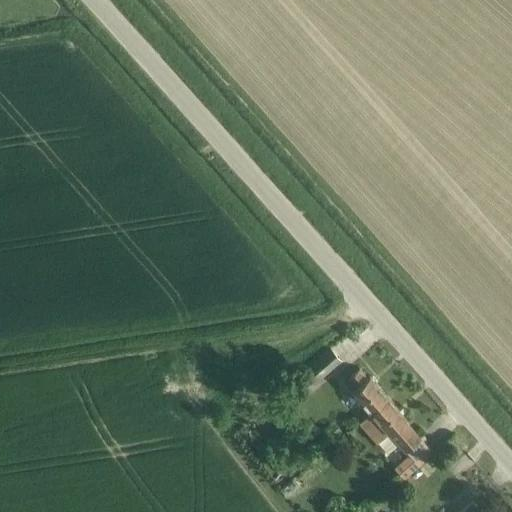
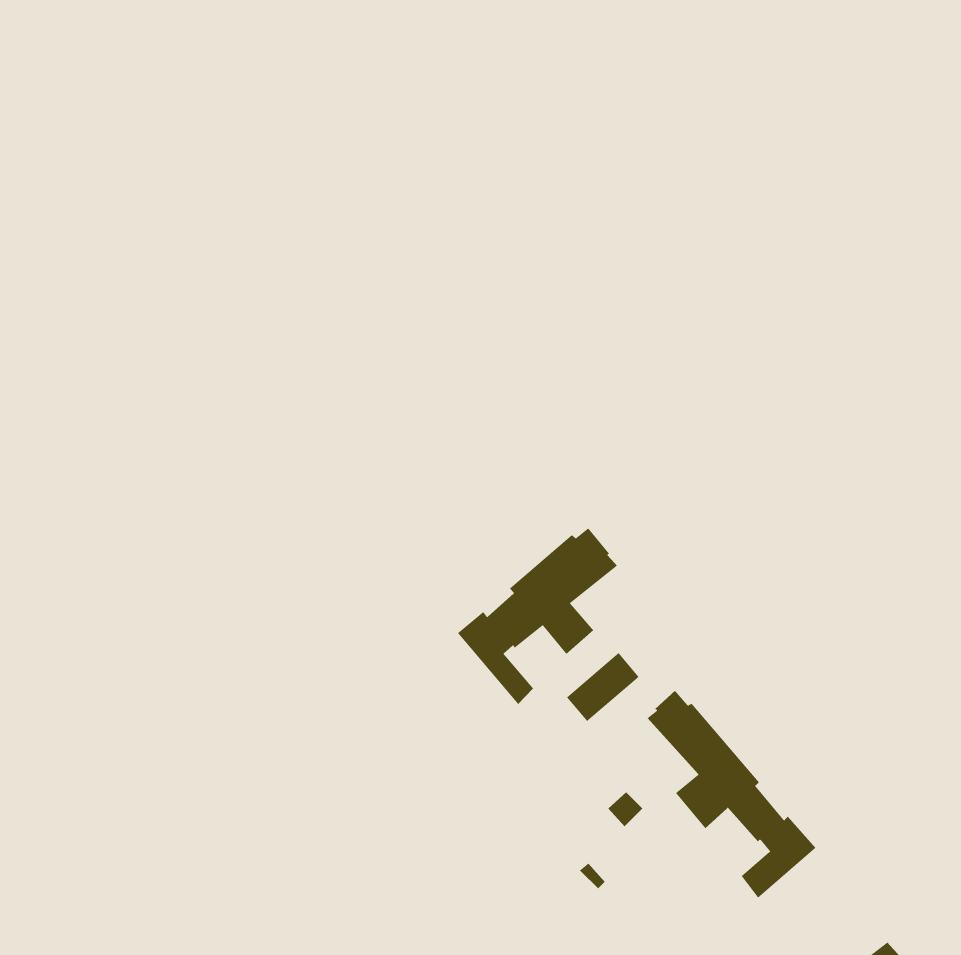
building: none -> [457,527,618,705]

